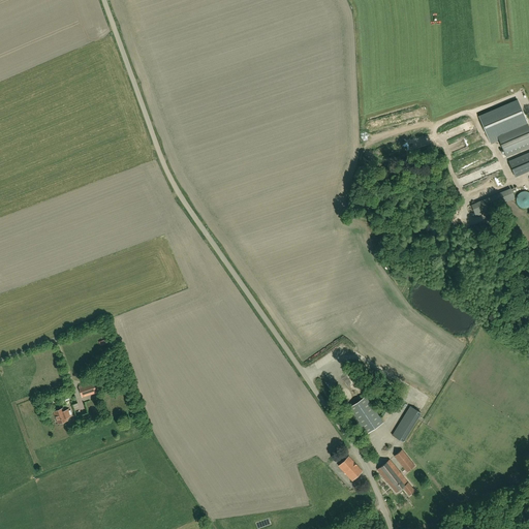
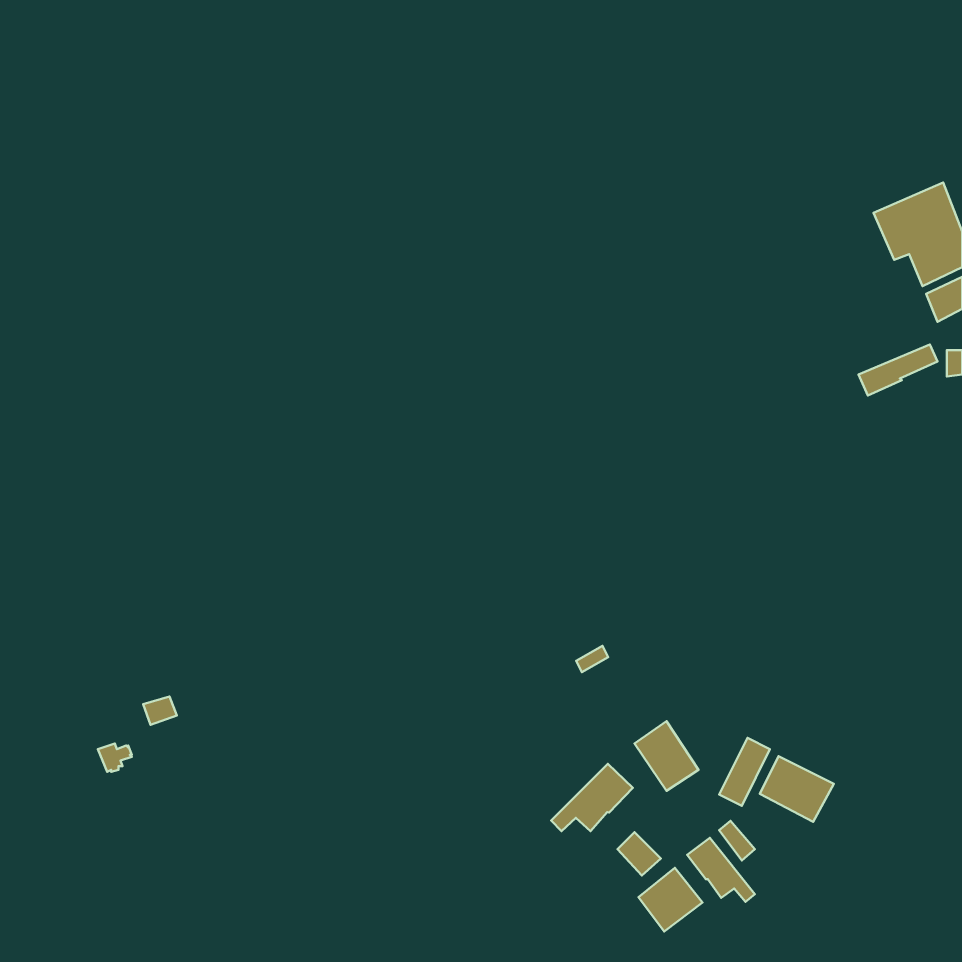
building: none -> [760,756,834,822]
building: none -> [551,764,633,831]
building: none -> [638,868,702,932]

